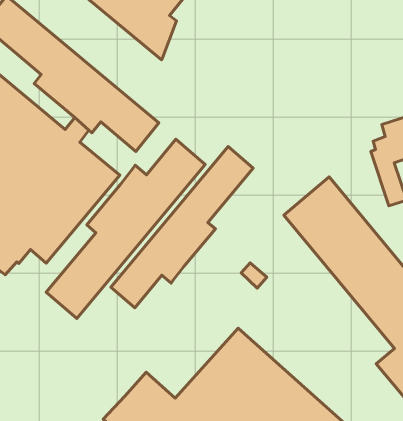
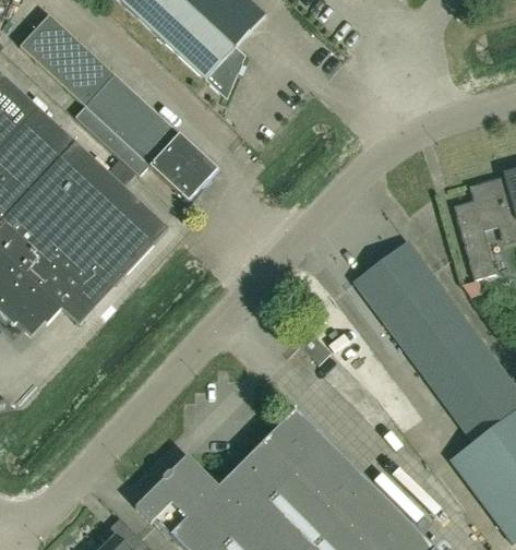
building: [46,139,205,319] -> none
building: [111,147,253,308] -> none

